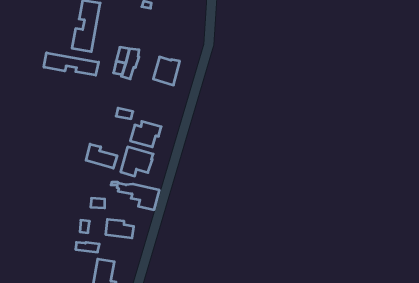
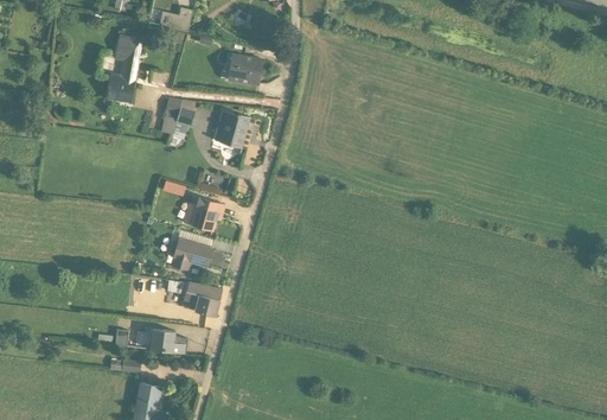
building: none -> [226,52,263,85]
building: [44,53,99,75] -> none
building: [86,144,117,168] -> none

